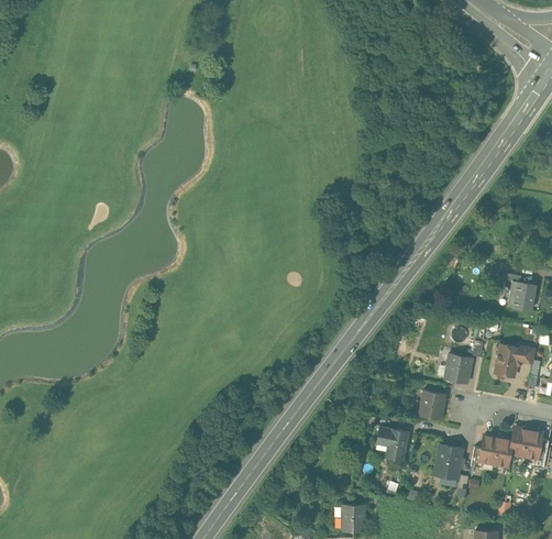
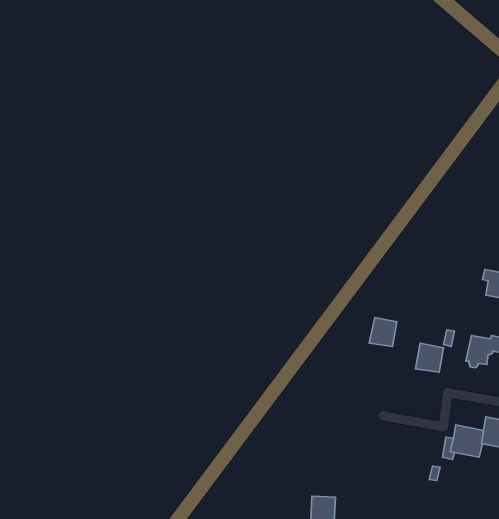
building: [418,391,445,419] -> [369,317,397,346]
building: [376,427,408,460] -> none
building: [433,444,462,479] -> none

